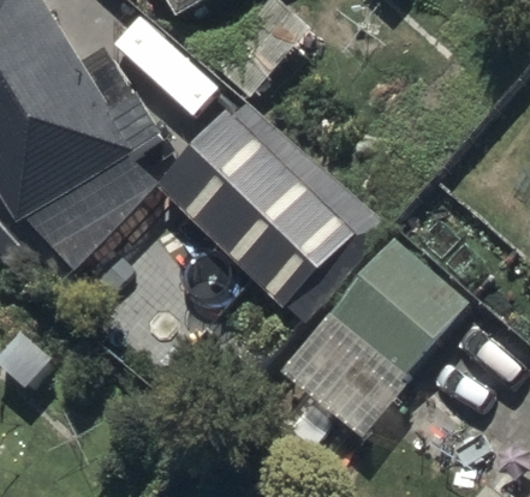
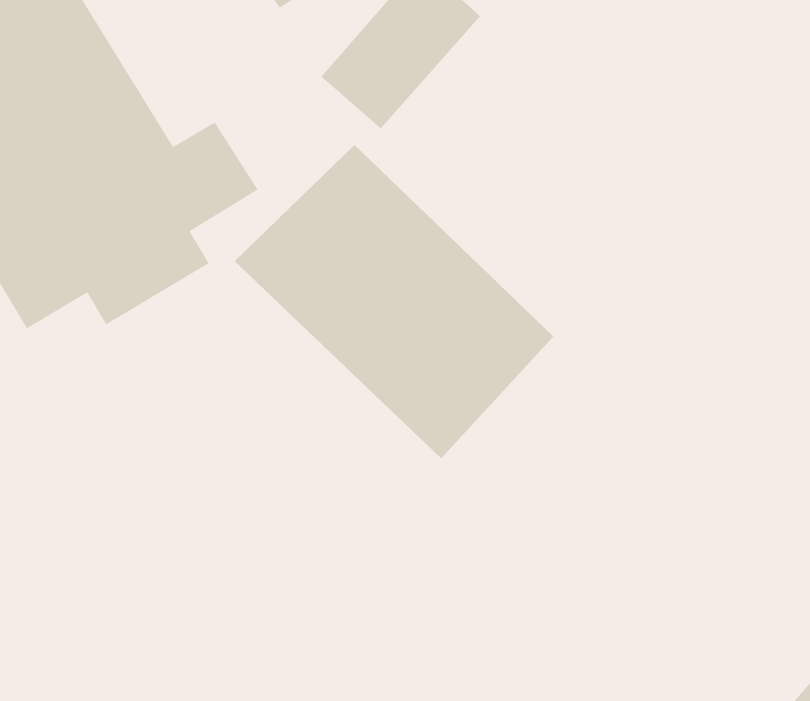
building: [284,240,470,437] -> none

